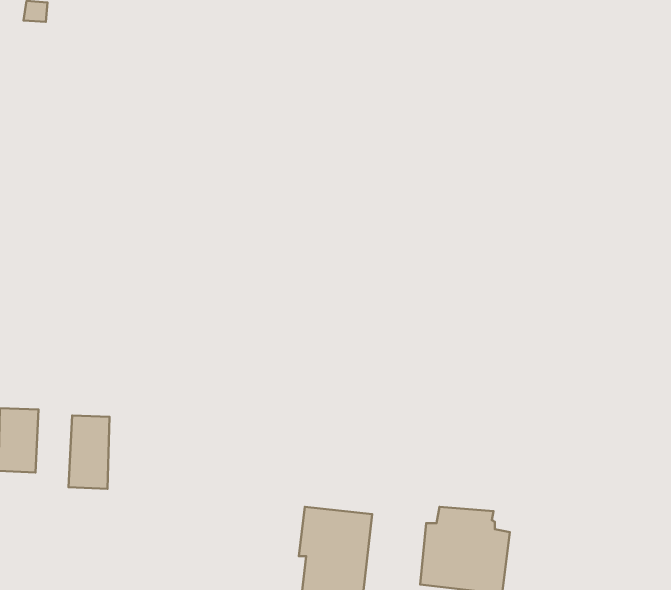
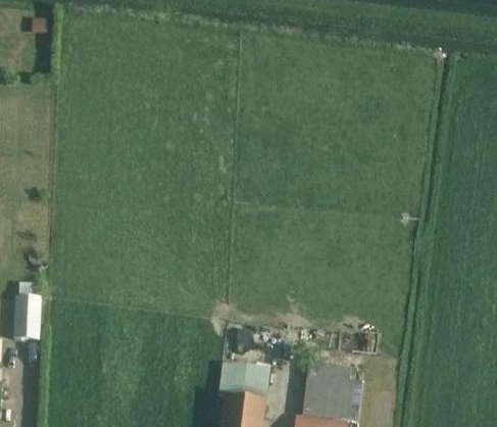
building: [69,415,110,489] -> none

